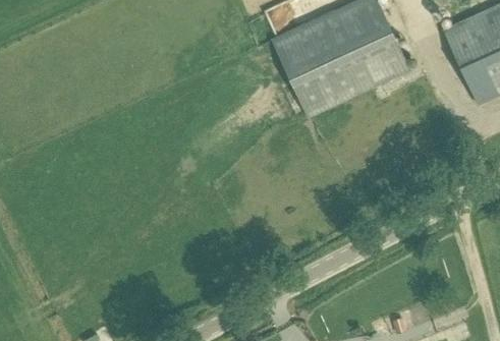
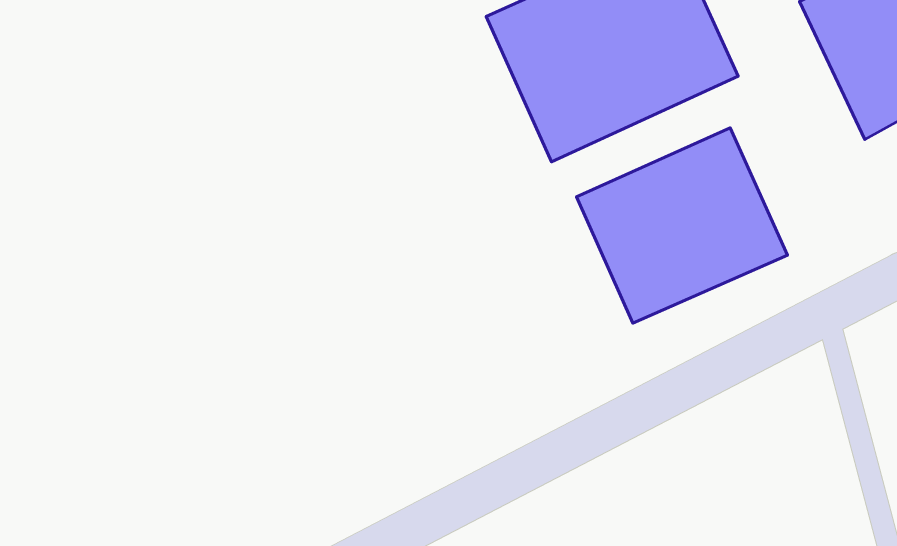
building: none -> [576,128,788,323]

